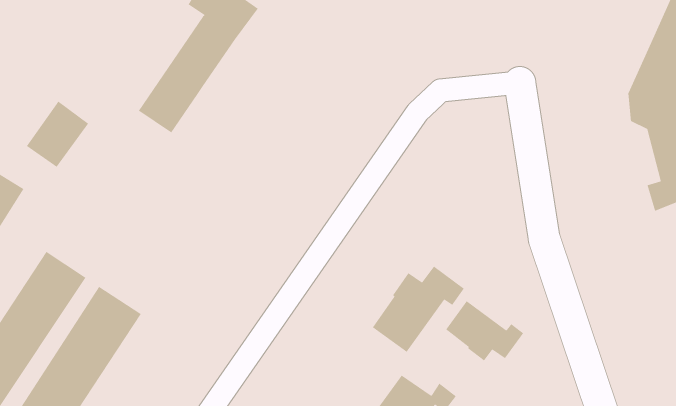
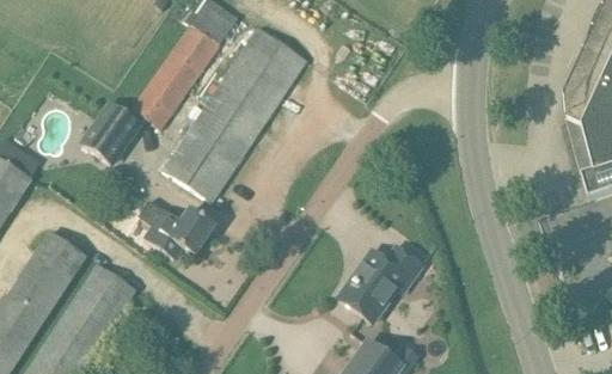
building: none -> [163,26,306,202]
building: [26,100,89,168] -> [81,103,137,163]
building: none -> [137,198,214,258]
building: [445,300,524,361] -> none

